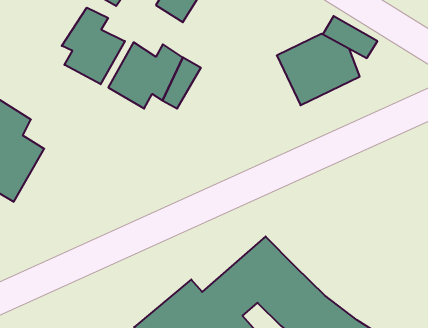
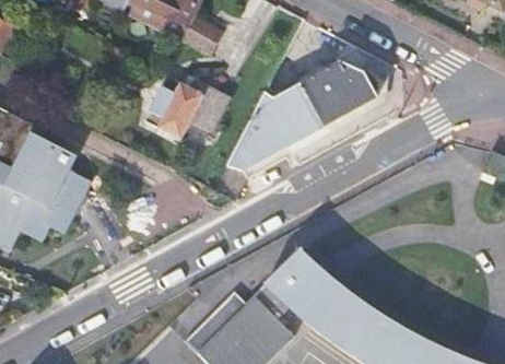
building: [62,8,125,84] -> none
building: none -> [227,79,326,169]

